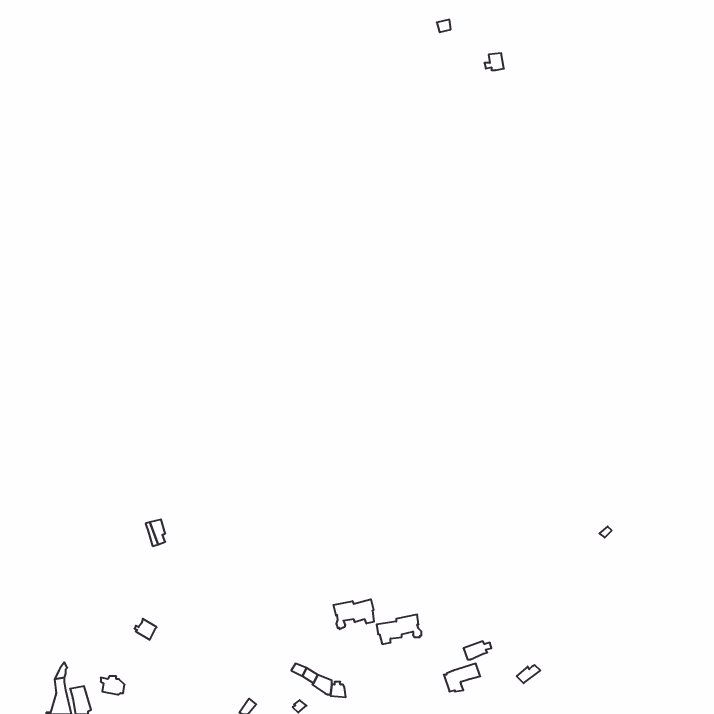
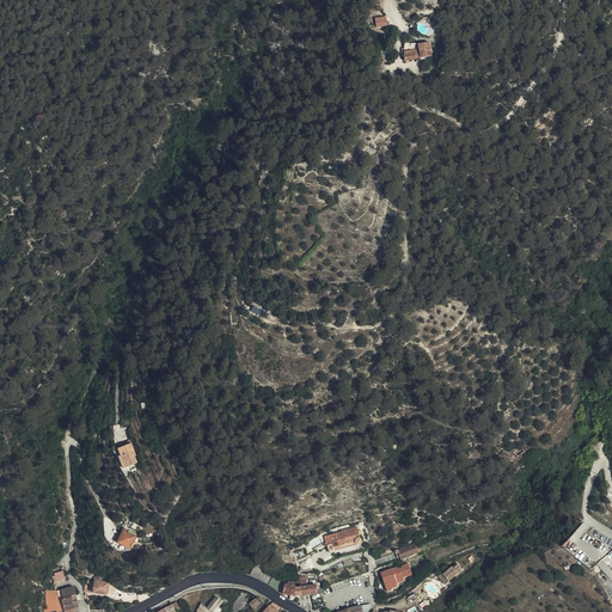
building: [333,599,374,629] -> none

